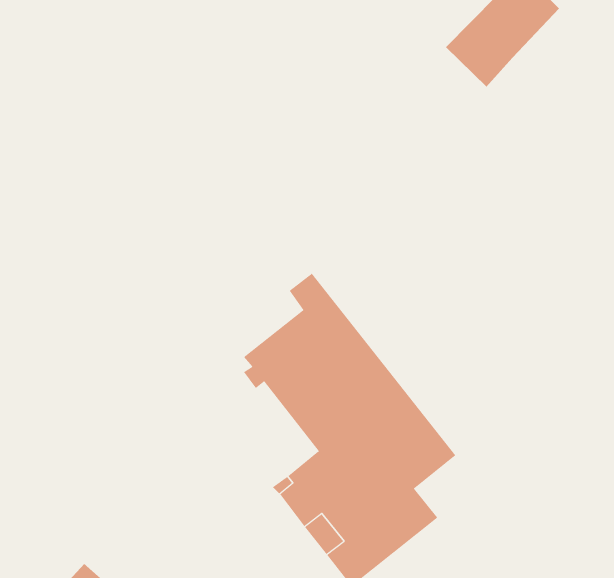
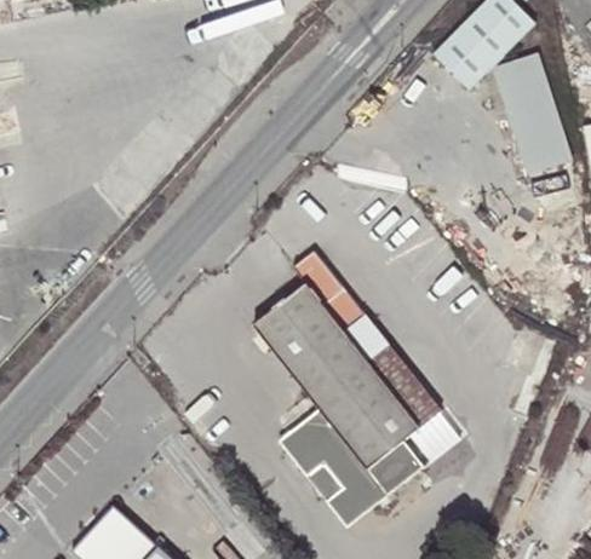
building: none -> [492,51,573,174]

